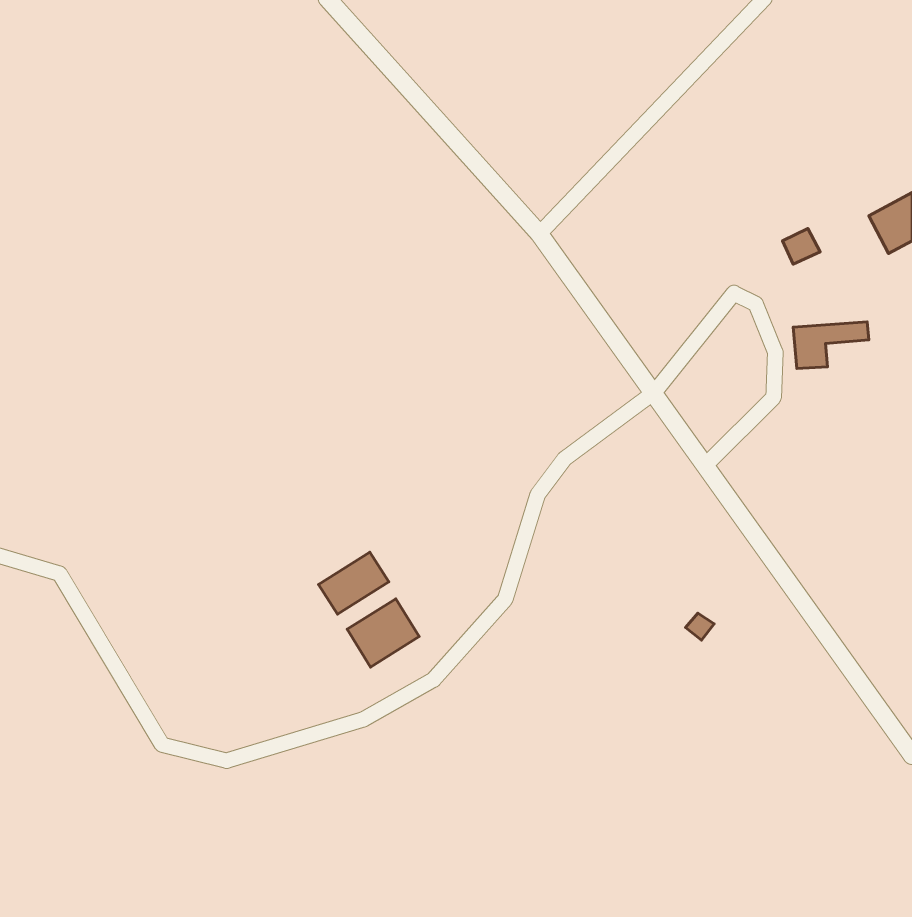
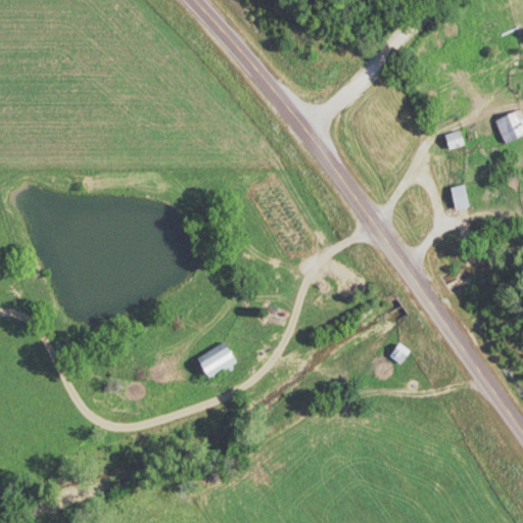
building: [318,552,389,614] -> none

